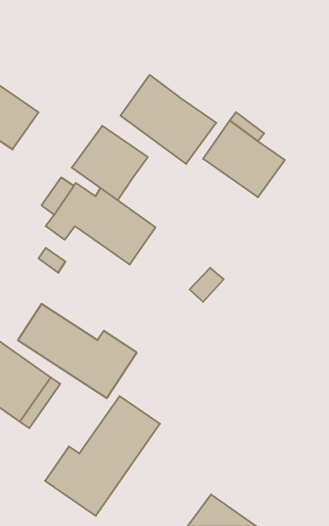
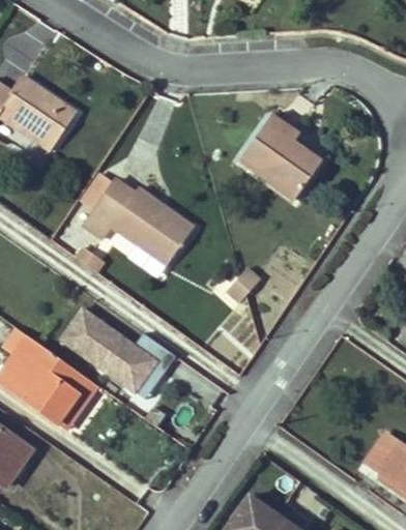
building: [121,75,216,164] -> none
building: [72,126,148,200] -> none
building: [45,396,160,516] -> none

